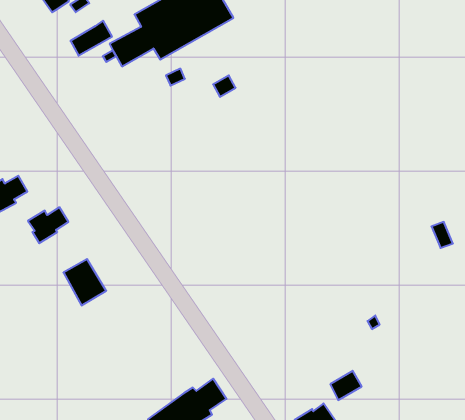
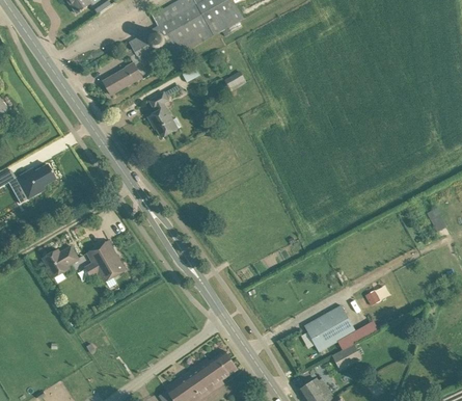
building: [70,21,112,56] -> [103,62,141,95]
building: none -> [147,91,175,137]
building: [28,207,68,243] -> [42,245,79,278]
building: none -> [304,304,355,351]

